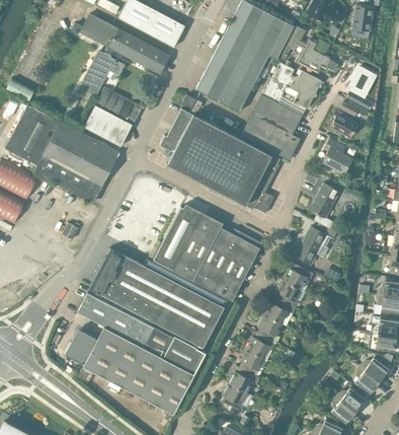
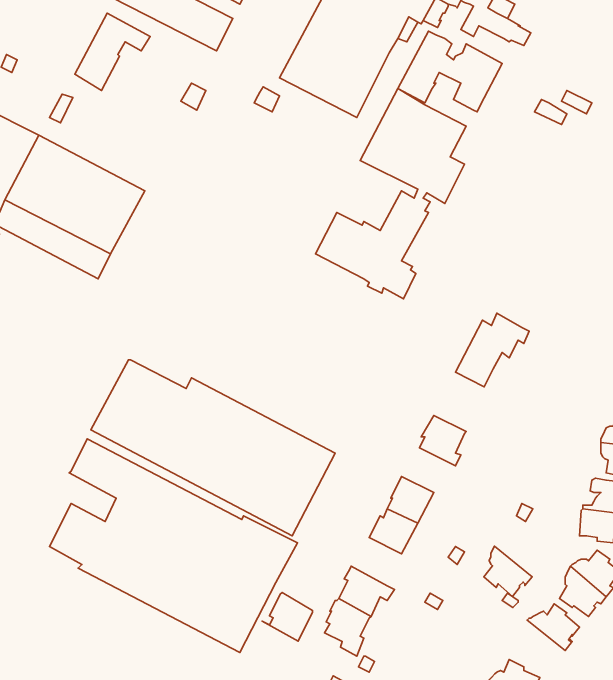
building: [348,67,374,96] -> none
building: [83,87,142,146] -> none
building: [159,110,264,189] -> none
building: [330,112,356,138] -> none
building: [322,140,351,173] -> none
building: [309,183,339,230] -> none
building: [153,207,261,301] -> none
building: [283,264,313,289] -> none
building: [264,298,295,325] -> none
building: [236,349,264,376] -> [262,593,313,641]
building: [329,395,356,424] -> [484,546,532,596]

